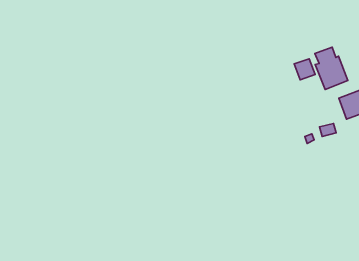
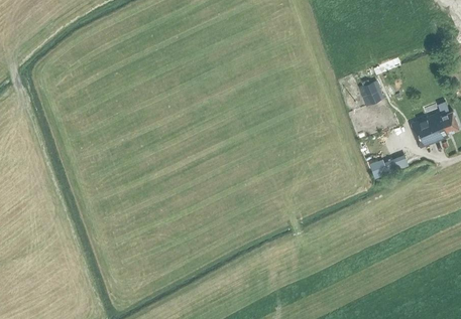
building: [315,47,348,89] -> none

